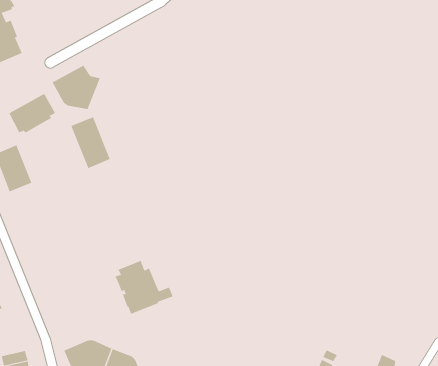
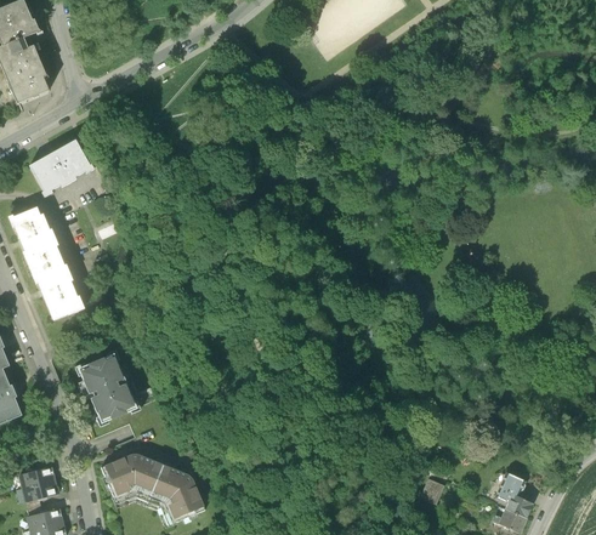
building: [52,65,100,110] -> none
building: [71,116,111,169] -> [30,254,81,320]
building: [114,260,173,315] -> [80,353,155,422]

